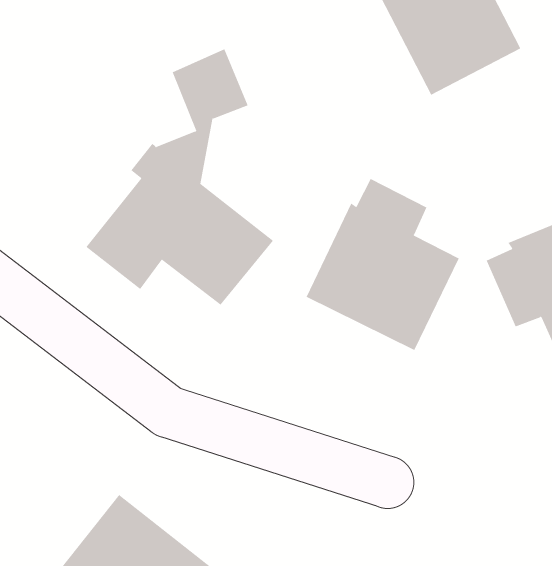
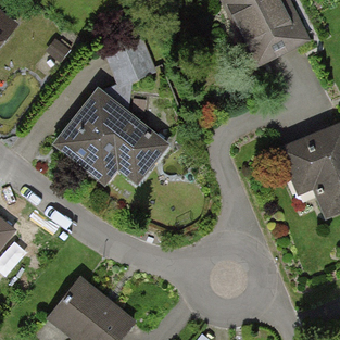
building: [306,178,459,351] -> none

